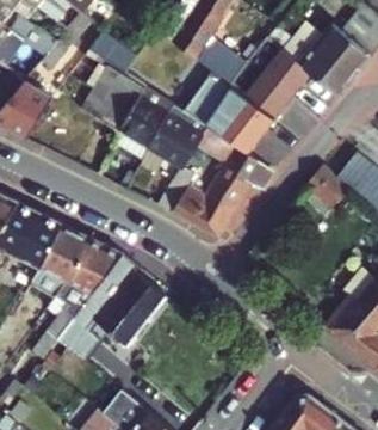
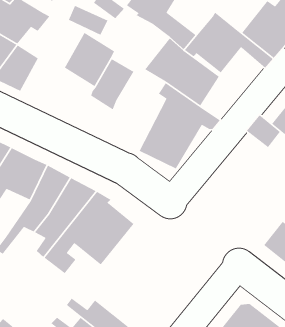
building: [148,104,207,209] -> none

